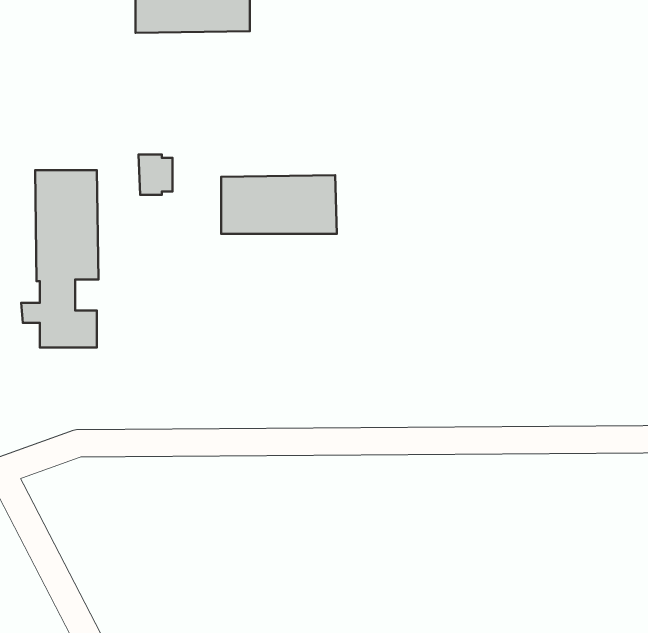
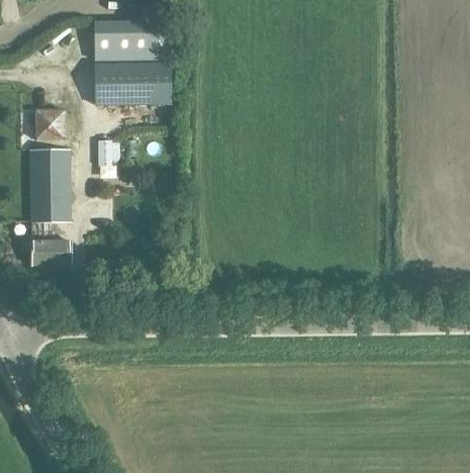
building: none -> [36,111,65,139]
building: [221,175,337,234] -> [95,64,171,102]

